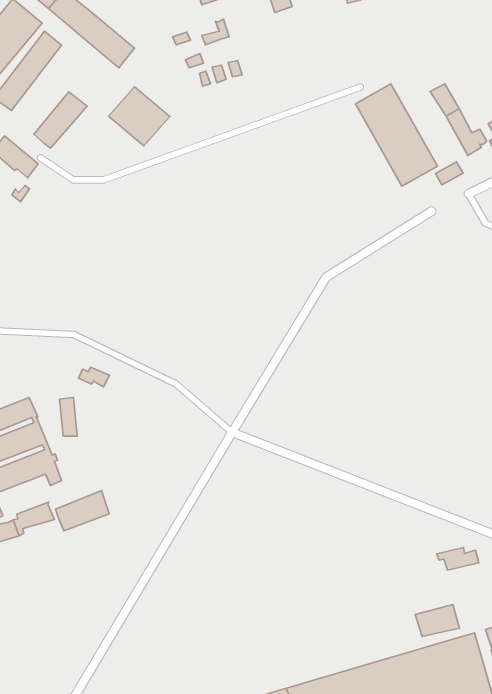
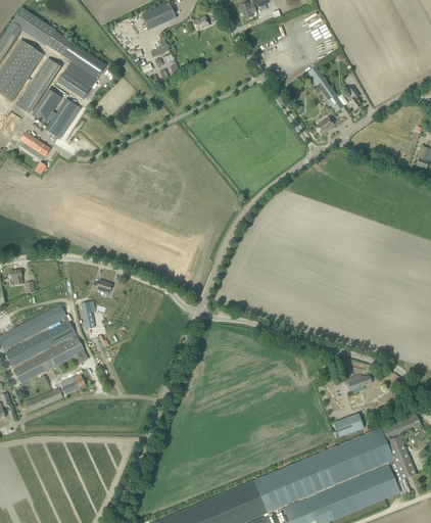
building: none -> [32,90,60,124]
building: [355,84,437,186] -> none
building: [109,87,170,146] -> [56,61,97,100]
building: [56,491,109,531] -> none

